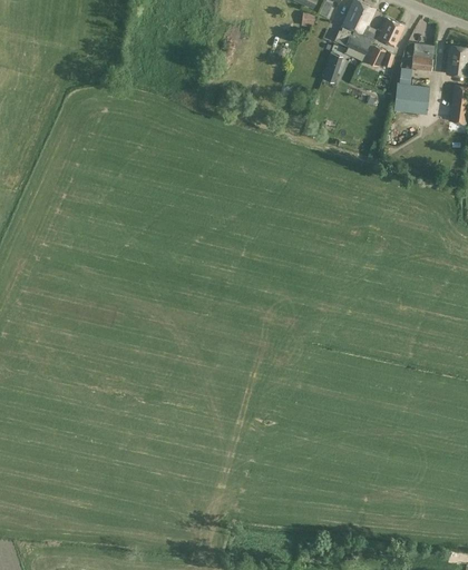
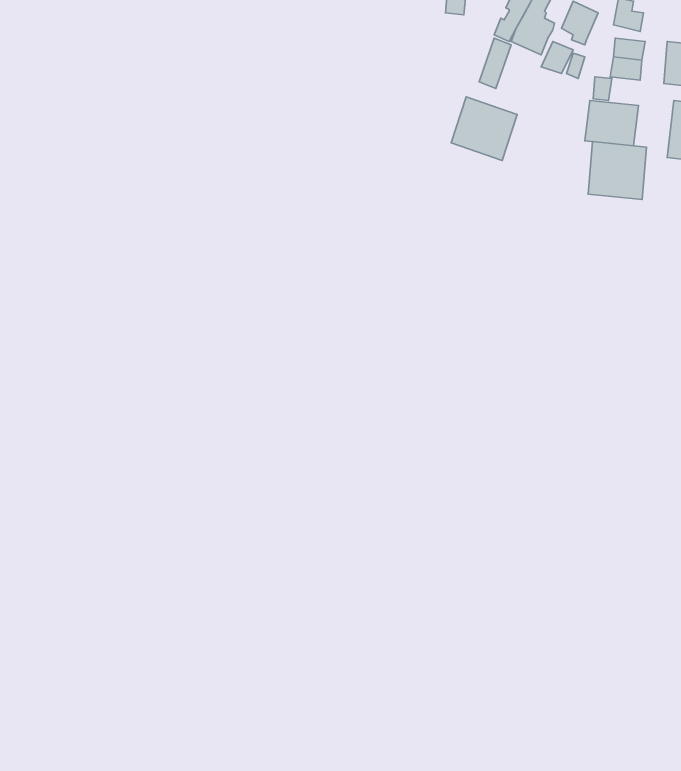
building: none -> [451,97,517,161]
building: none -> [588,141,647,200]

